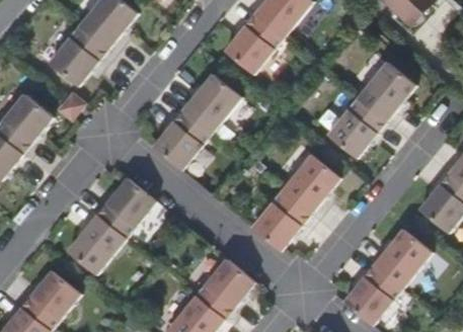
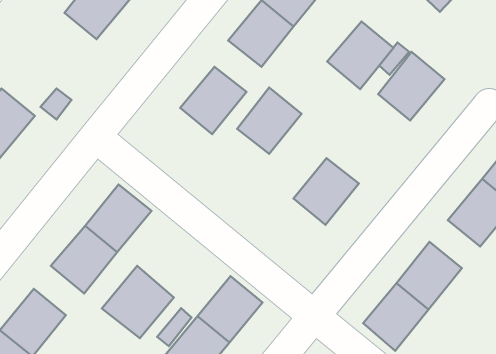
building: [49,26,107,86] -> none
building: [326,98,385,158] -> [327,21,393,89]
building: [153,110,210,169] -> [237,88,301,154]
building: [252,190,310,250] -> none
building: none -> [102,266,174,338]

